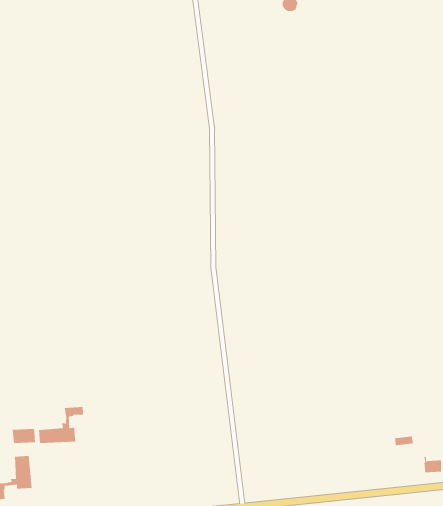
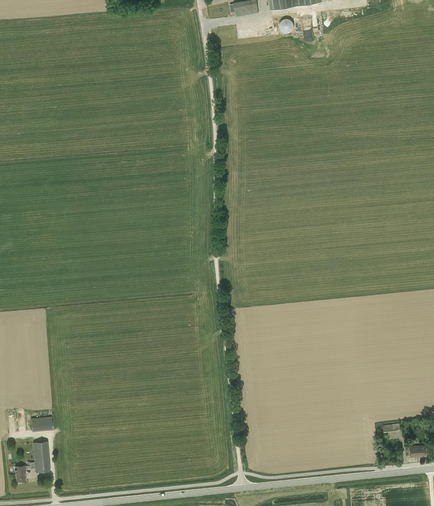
building: [38,406,84,444] -> none

